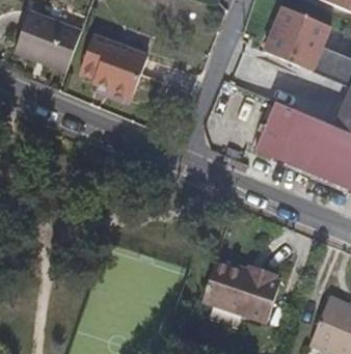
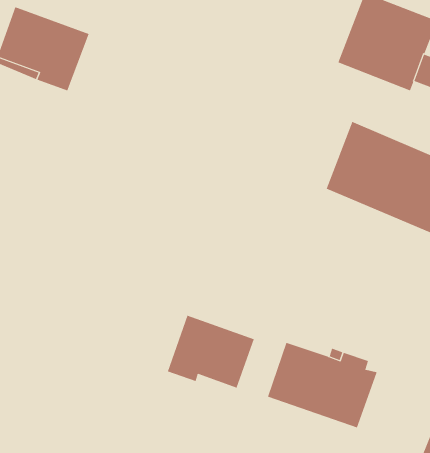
building: [78,39,144,101] -> none
building: none -> [167,315,254,388]

